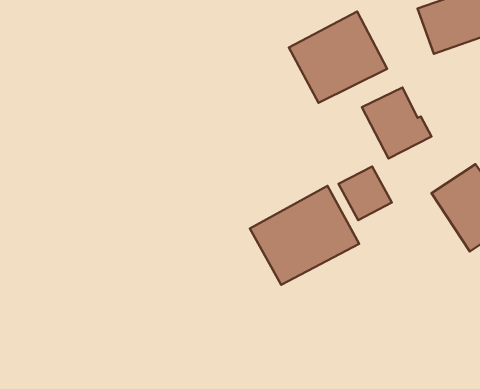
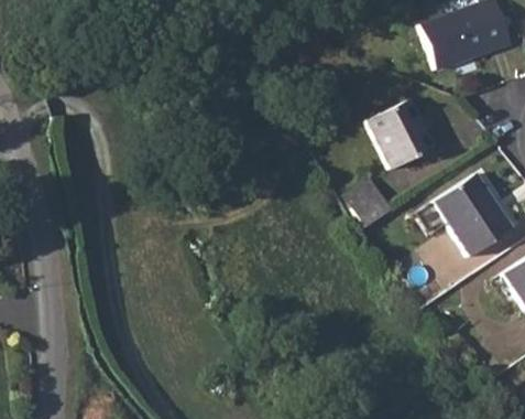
building: [289,11,387,103] -> none
building: [250,186,359,285] -> none

